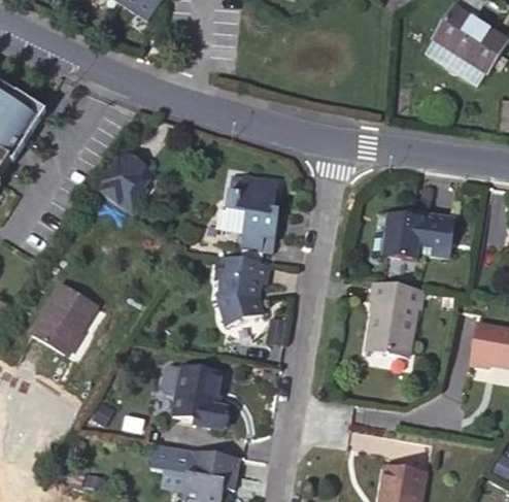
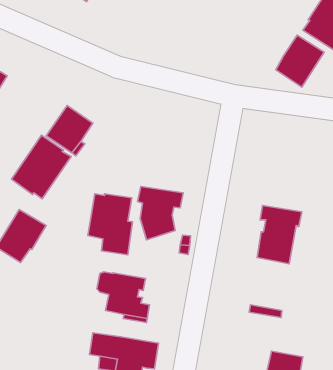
building: none -> [276,35,324,87]
building: [220,174,278,253] -> [88,194,133,255]
building: none -> [12,135,71,199]
building: [372,208,456,258] -> none

